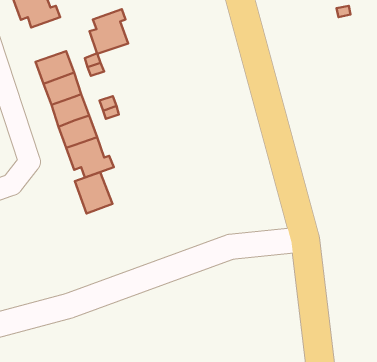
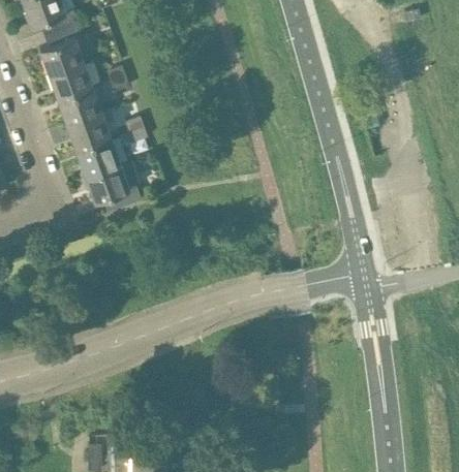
building: [89,9,128,54] -> [39,23,85,75]
building: [75,172,112,213] -> none

